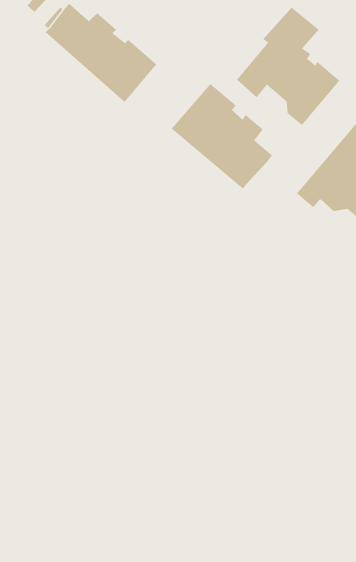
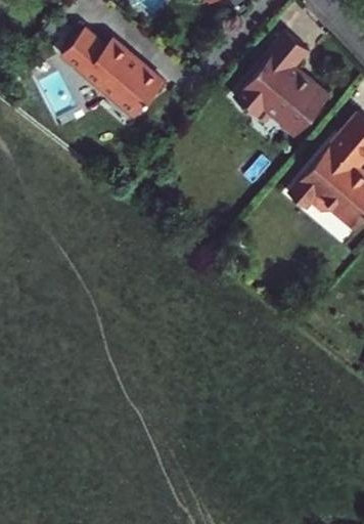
building: [171,83,273,189] -> none

